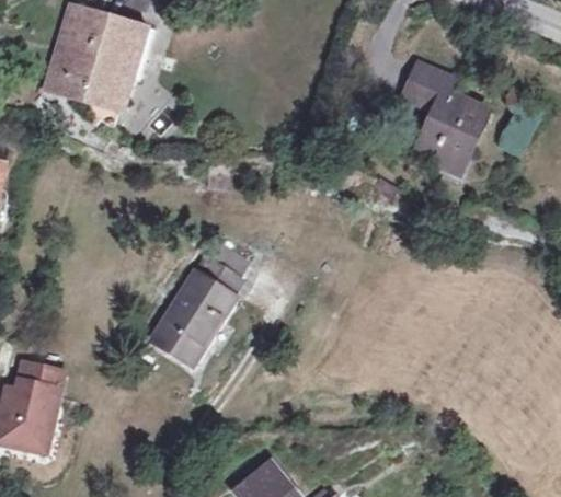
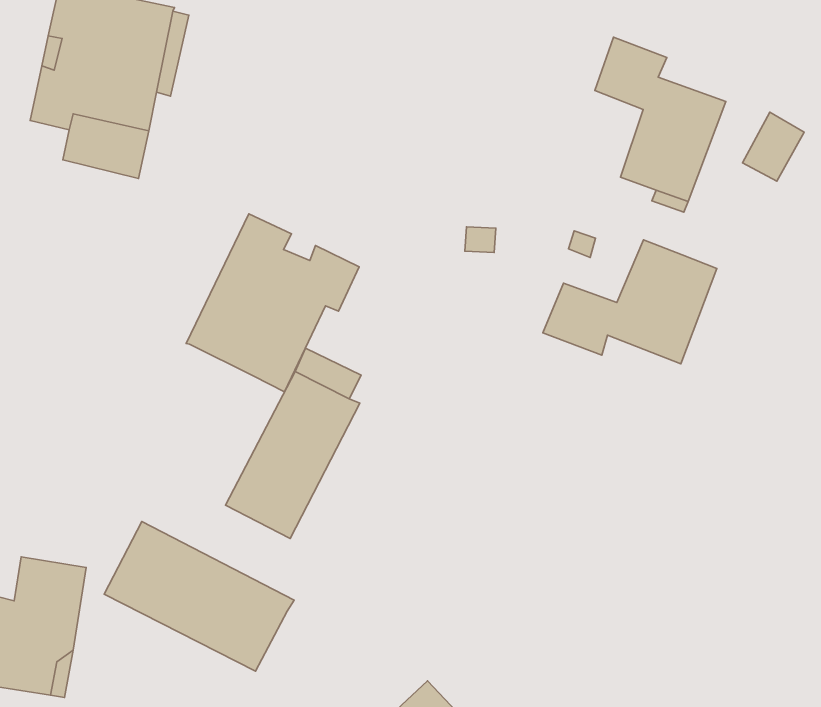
building: none -> [186,214,359,392]
building: none -> [543,240,717,364]
building: none -> [104,521,294,671]

